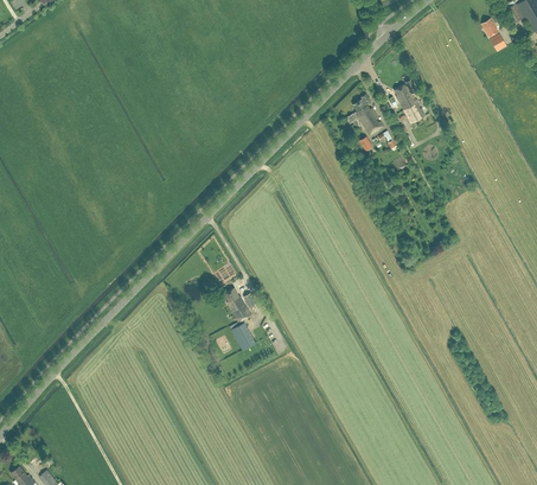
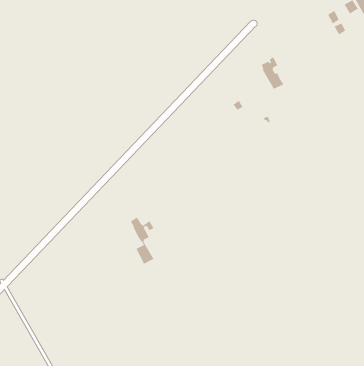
building: [347,94,383,134] -> none

